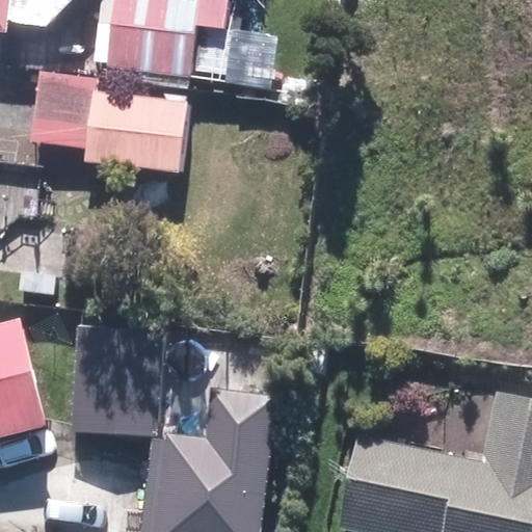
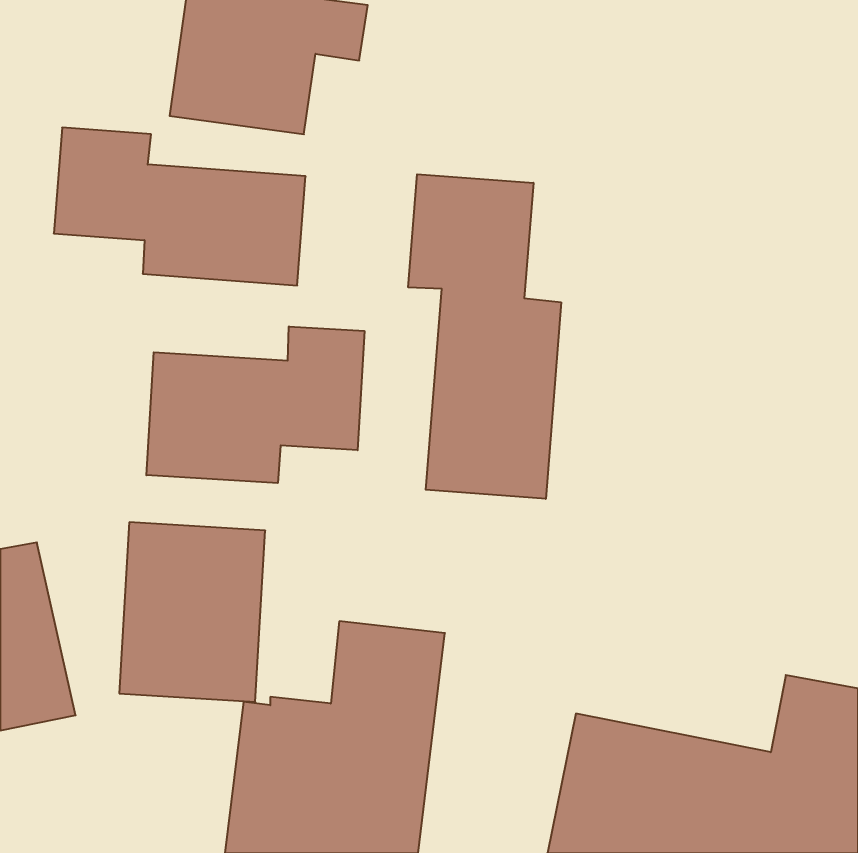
building: none -> [408,174,561,499]
building: none -> [146,326,364,483]

